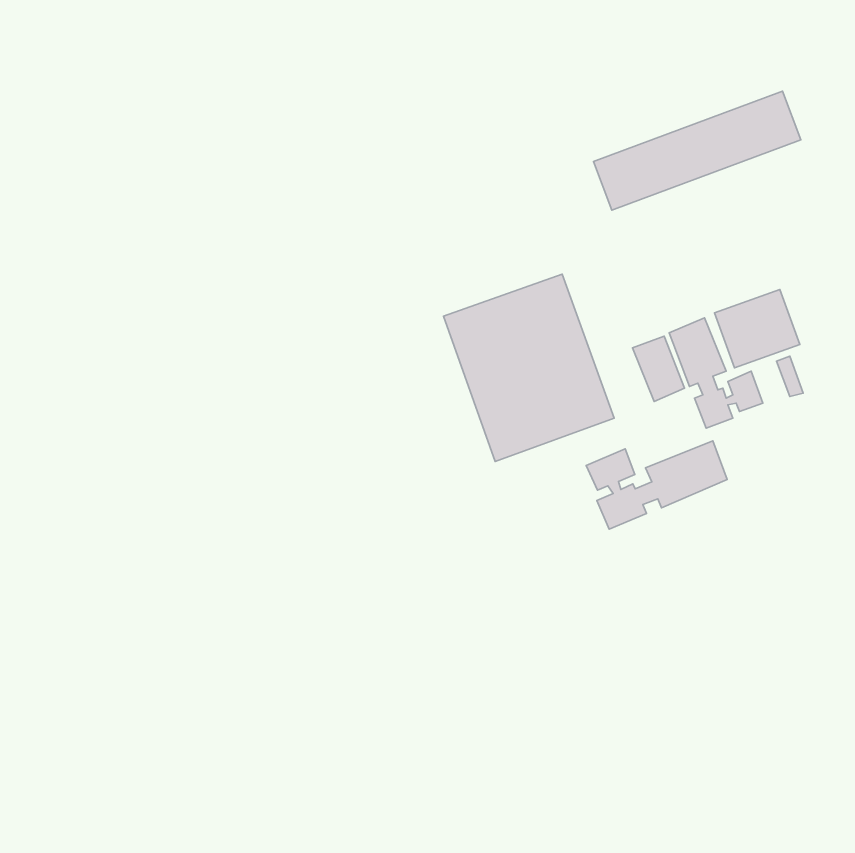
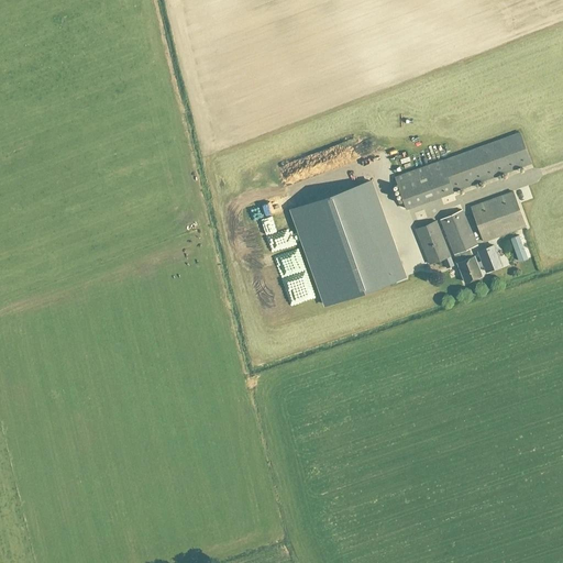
building: [593,91,801,210] -> [395,131,531,209]
building: [586,441,727,529] -> none

